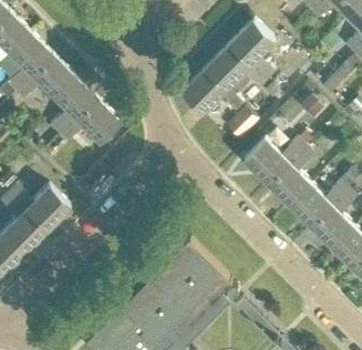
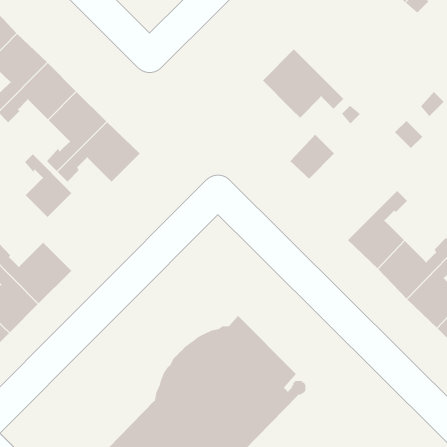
building: [229,20,275,81] -> none
building: [182,68,242,113] -> none
building: none -> [24,154,72,218]
building: [244,138,304,184] -> none

